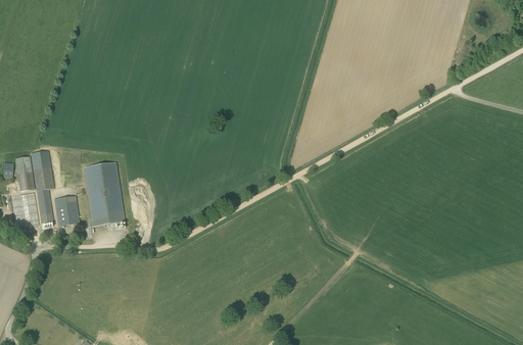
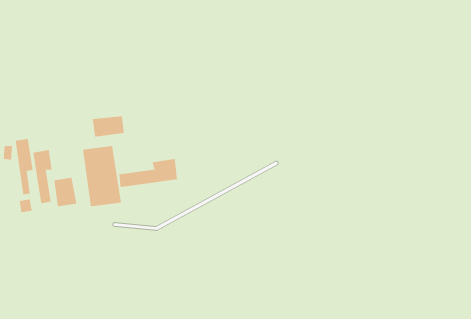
building: none -> [92,115,125,138]
building: none -> [119,158,178,188]

